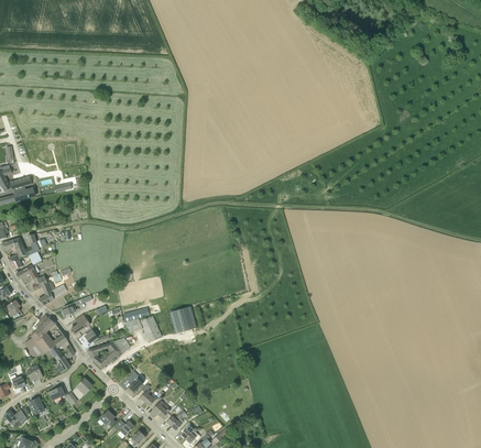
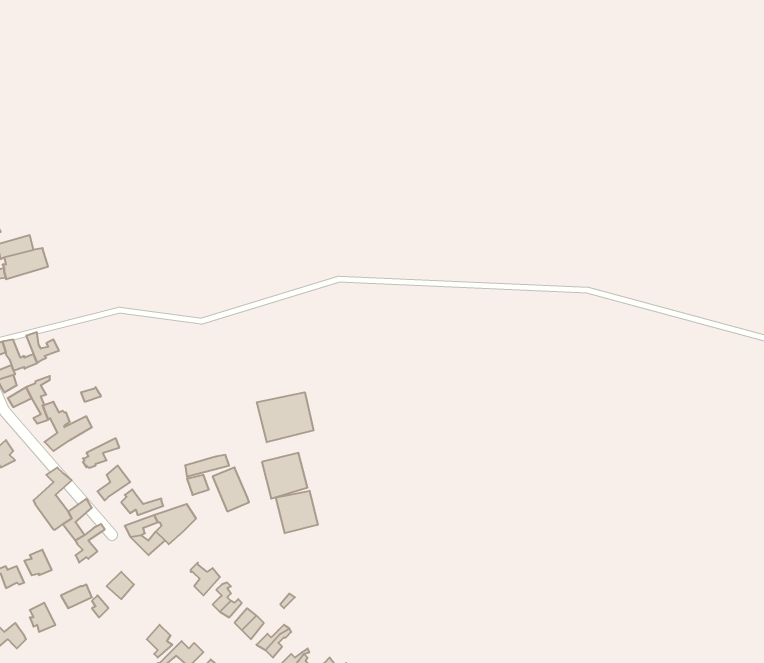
building: none -> [257,392,314,442]
building: none -> [276,491,318,533]

